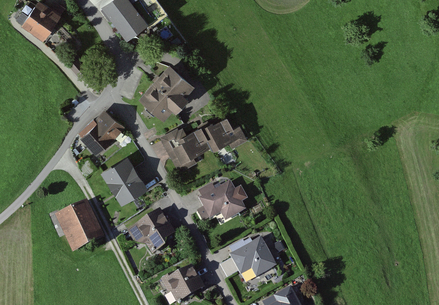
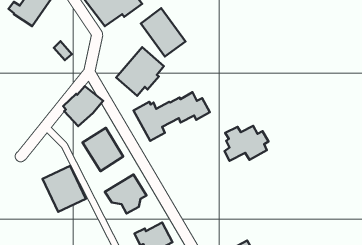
building: none -> [141,8,185,56]
building: [197,182,248,222] -> [224,126,269,161]
building: [229,237,277,277] -> none

